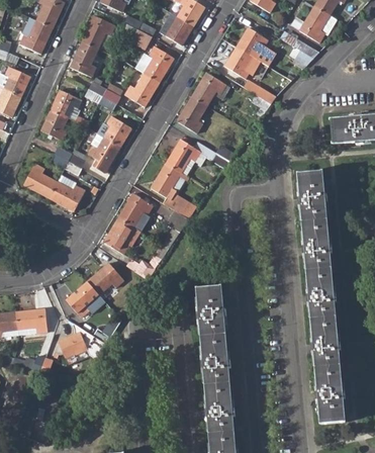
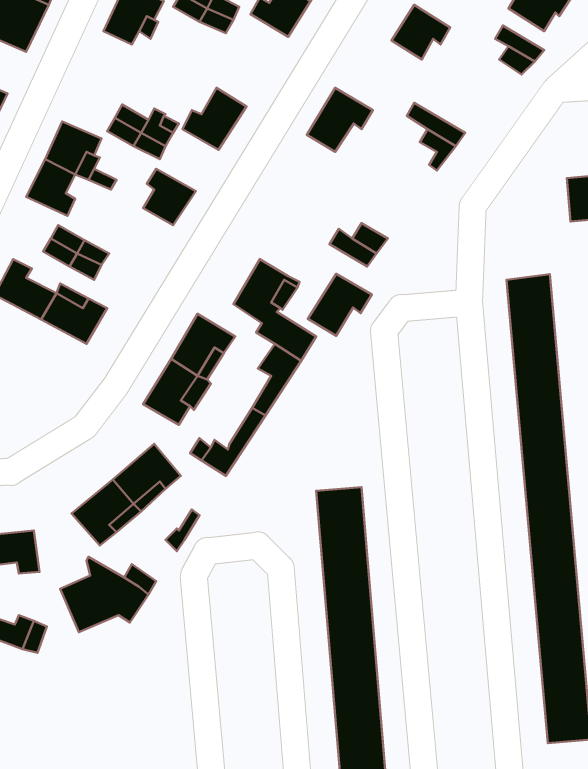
building: [70,41,97,77] -> none
building: [143,46,174,82] -> none
building: [224,47,253,78] -> none
building: [177,97,206,132] -> none
building: [87,137,119,172] -> none
building: [166,140,200,173] -> [308,274,372,336]

